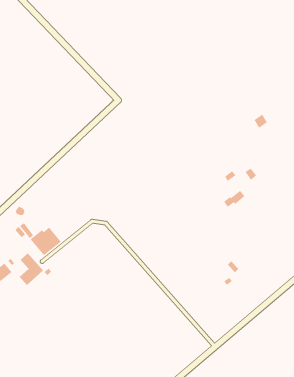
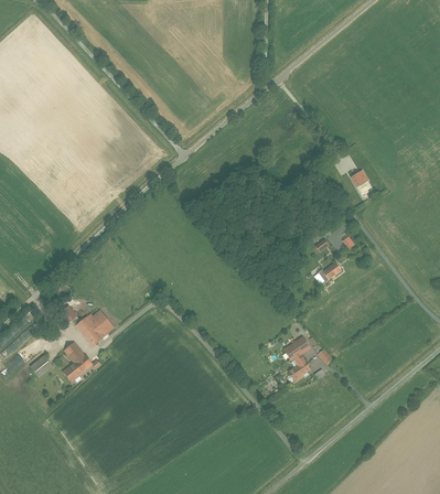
building: none -> [281,335,312,382]

